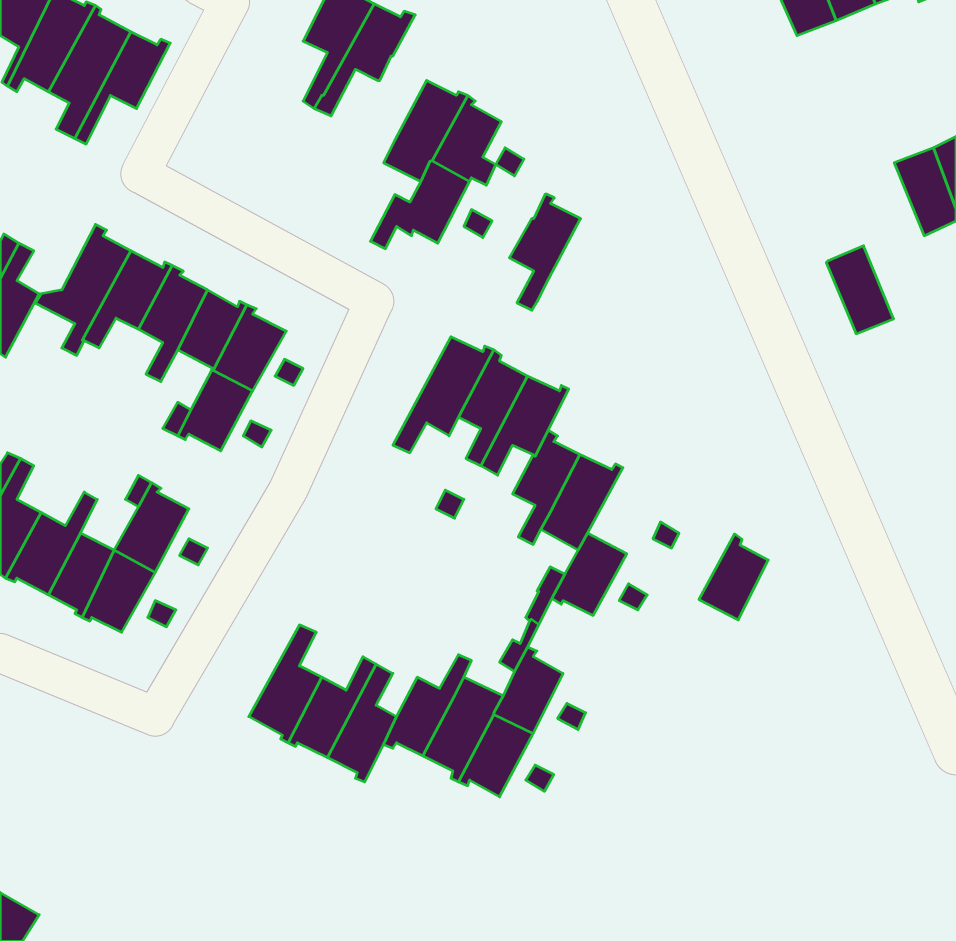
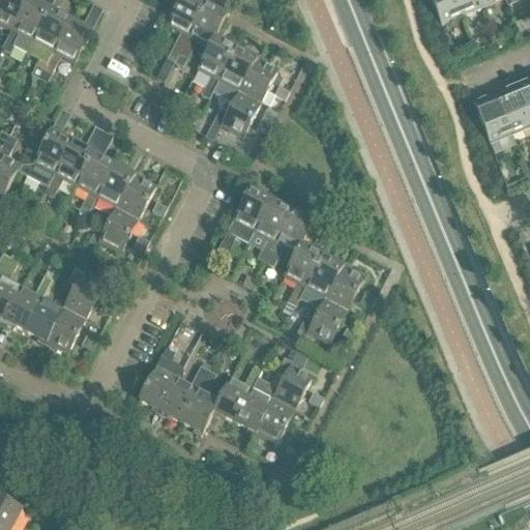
building: [509,194,581,310] -> [197,31,236,95]
building: [826,246,894,334] -> [474,90,511,139]
building: [699,534,768,620] -> [325,259,363,306]

